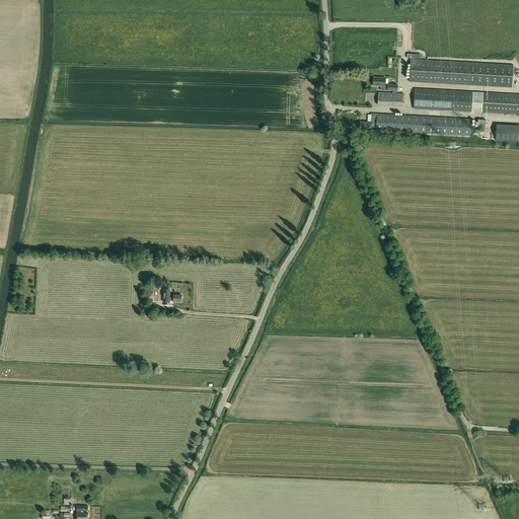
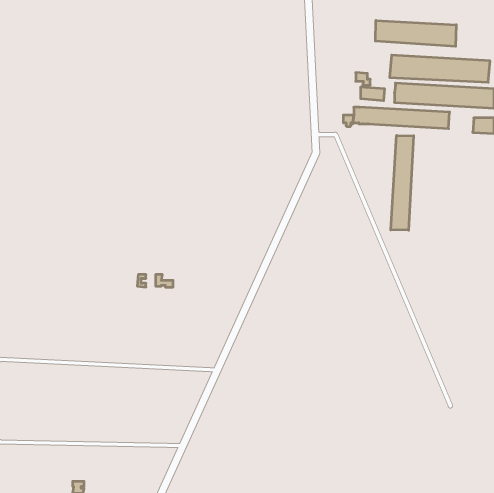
building: none -> [375,20,456,46]
building: none -> [391,135,414,230]

